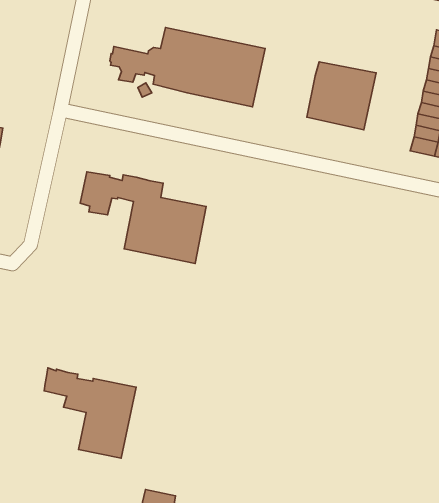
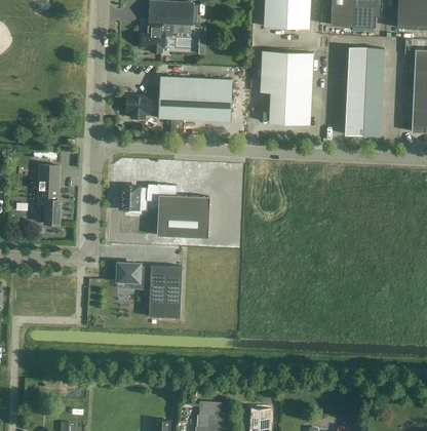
building: none -> [260,50,313,92]
building: [44,368,136,458] -> [118,263,182,317]

